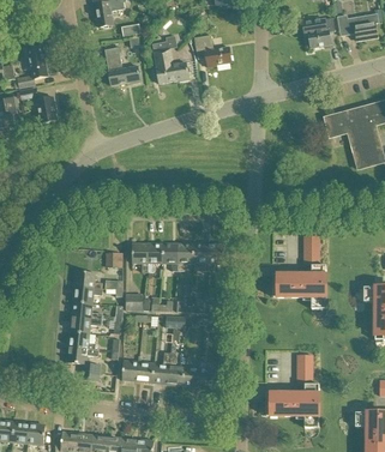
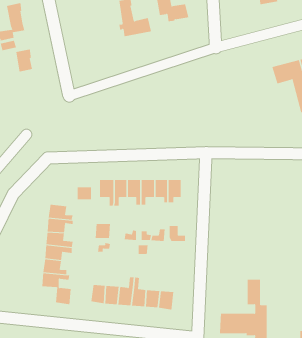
building: [104,47,139,85] -> none
building: [272,235,325,307] -> none

